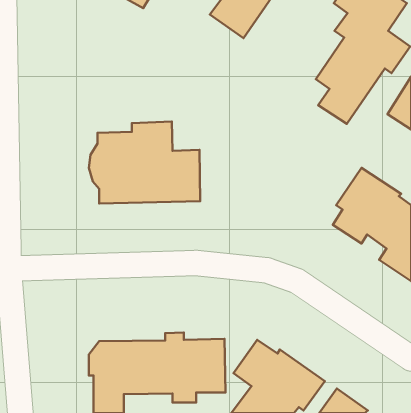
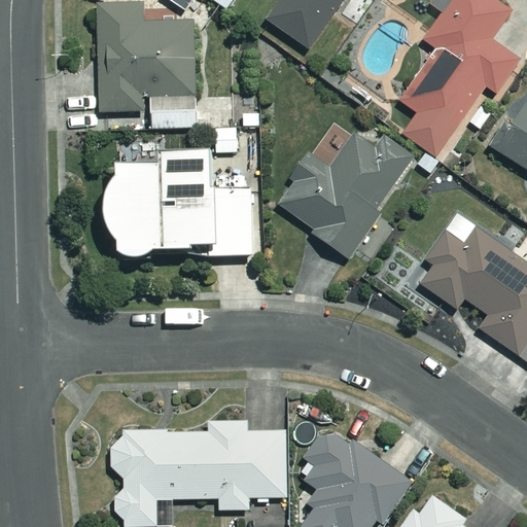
building: none -> [98,4,196,127]
building: none -> [276,135,413,256]

